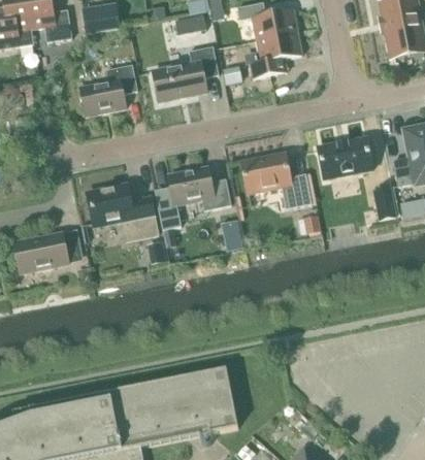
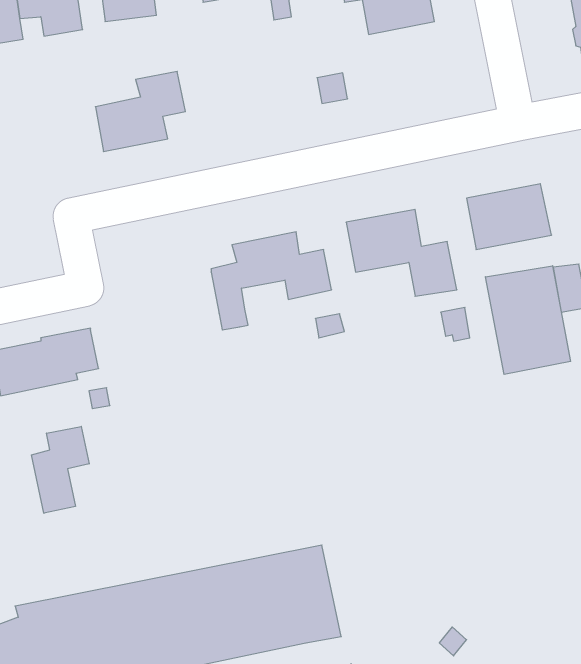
building: [244,32,302,78] -> none
building: [153,45,220,101] -> none
building: [88,184,159,240] -> none
building: none -> [485,266,571,374]
building: none -> [31,426,89,513]

